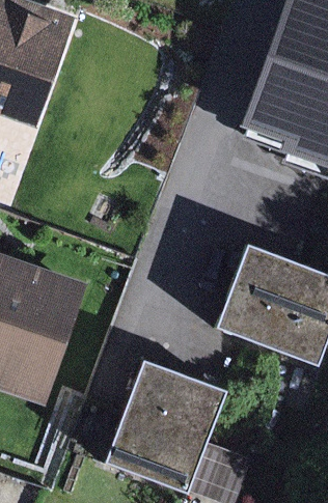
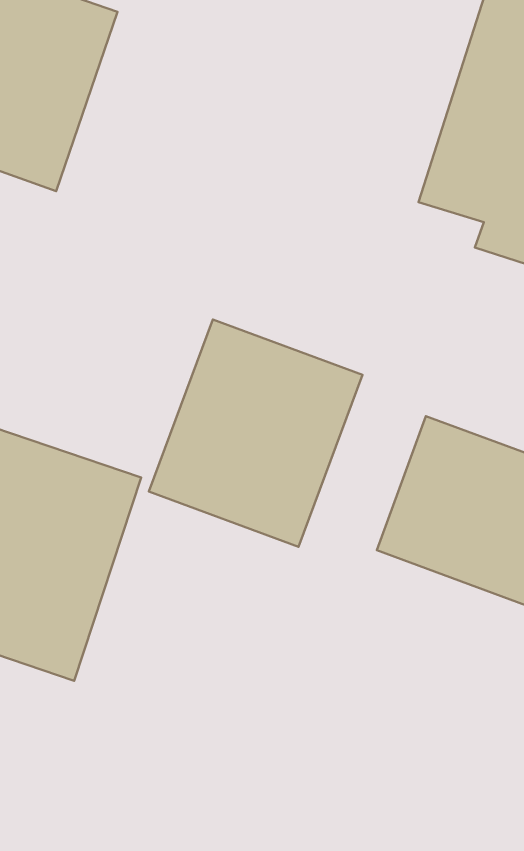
building: none -> [149,320,363,547]
building: [108,363,223,490] -> none

